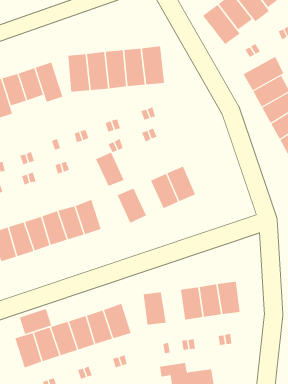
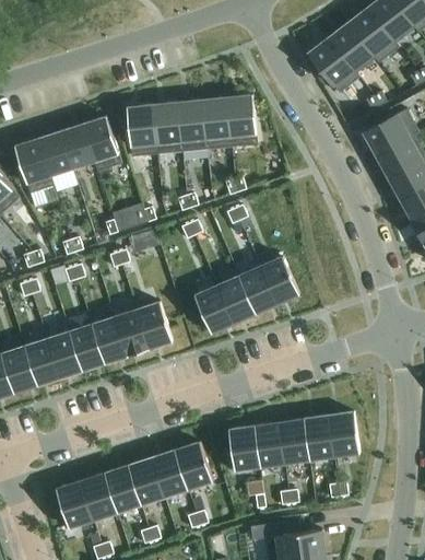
building: [95,152,124,187] -> [215,276,255,323]
building: none -> [252,422,283,467]
building: [19,308,52,335] -> none

